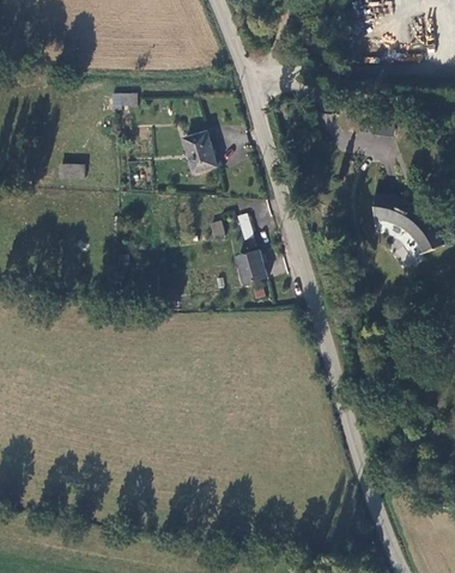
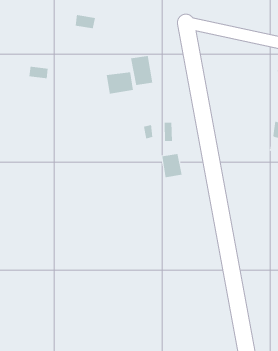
building: none -> [106,72,133,95]

